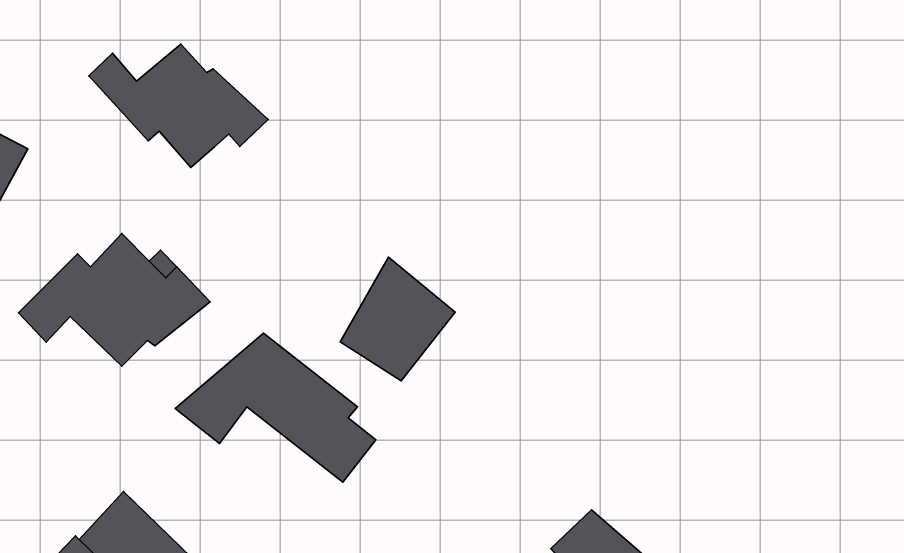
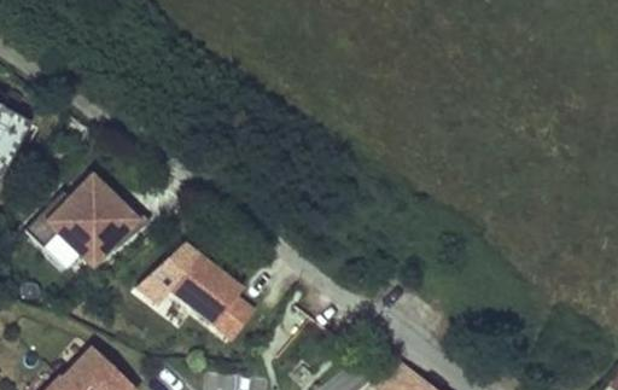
building: [89,44,268,168] -> none
building: [340,257,455,381] -> none

